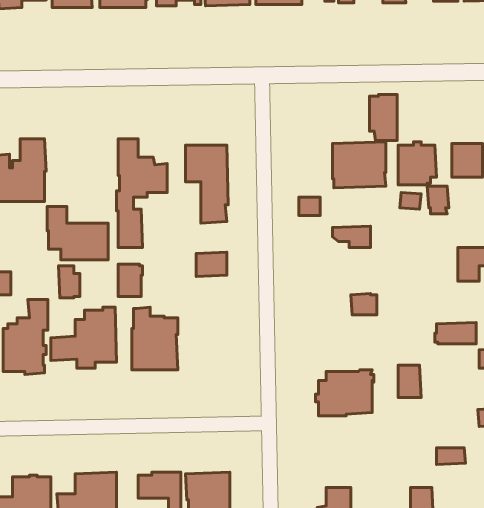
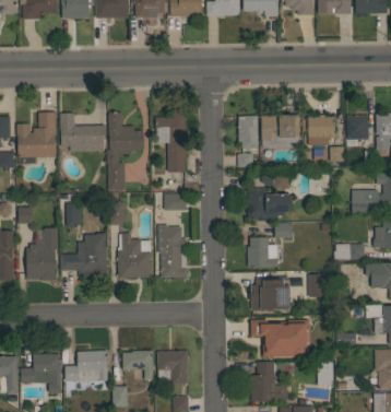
building: [369,95,397,140] -> [238,115,258,148]
building: [47,206,108,260] -> [60,113,104,151]
building: none -> [247,188,293,219]
building: none -> [158,224,187,276]
building: none -> [247,236,277,267]
building: none -> [250,318,297,357]

